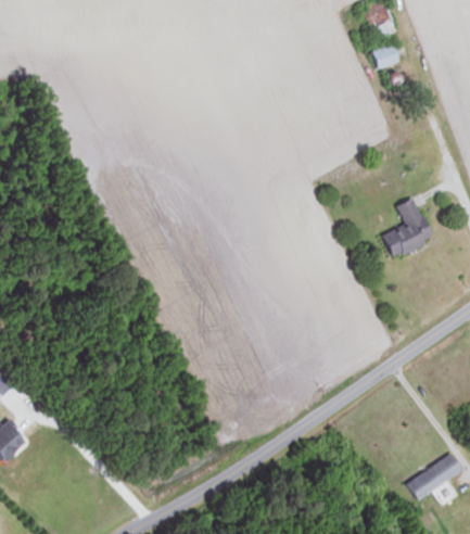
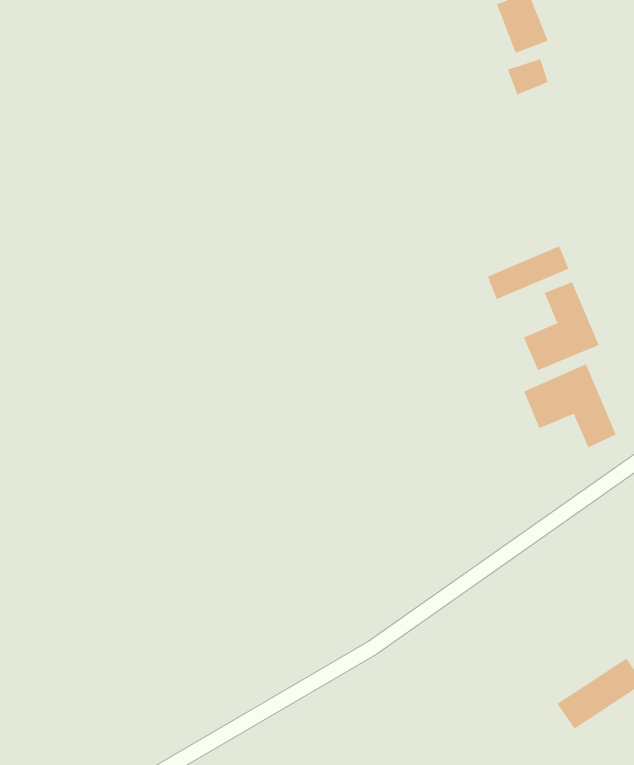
building: none -> [487,245,569,300]
building: none -> [523,364,617,448]

